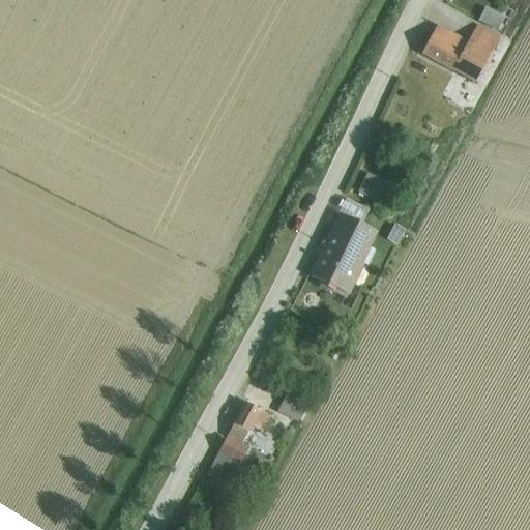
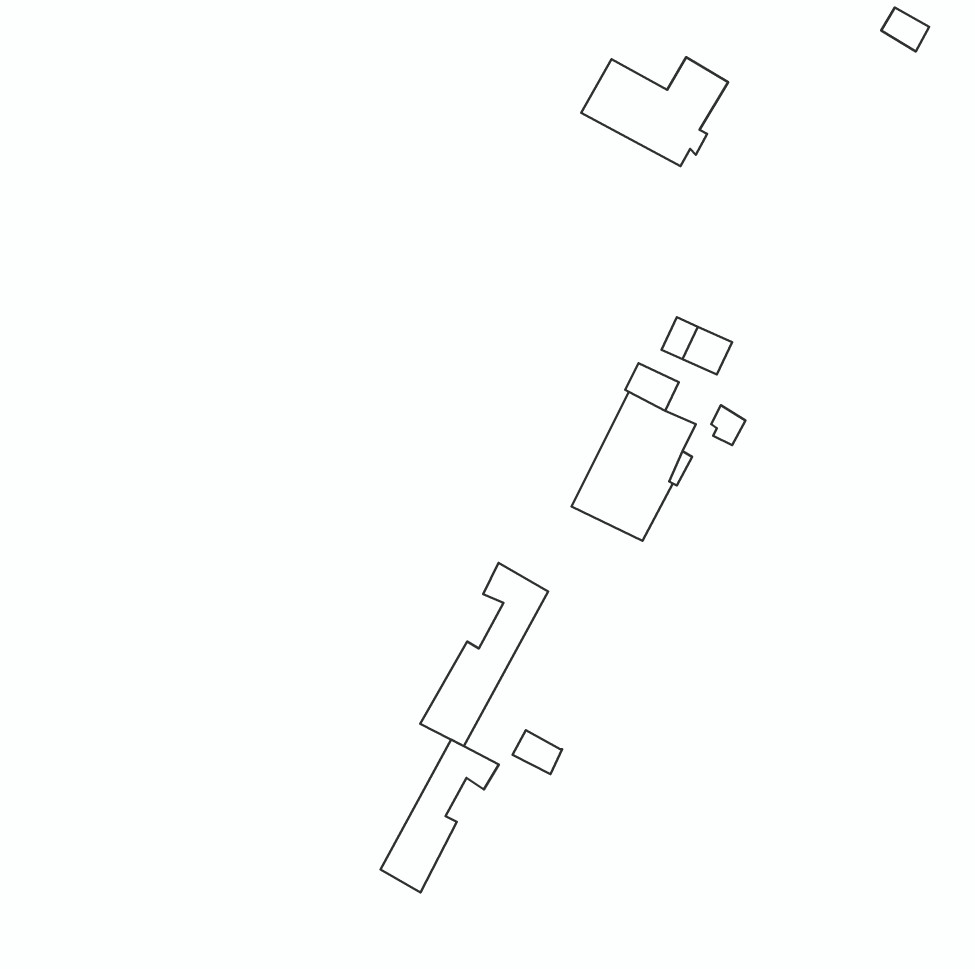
building: [420,22,500,81] -> [581,57,728,166]
building: none -> [420,563,548,746]

